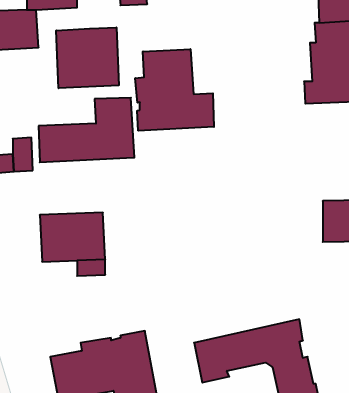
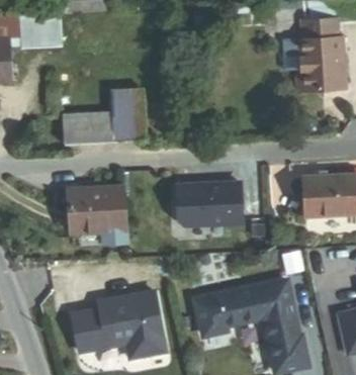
building: [56,27,119,88] -> none
building: [135,49,214,131] -> none
building: none -> [182,182,248,225]

